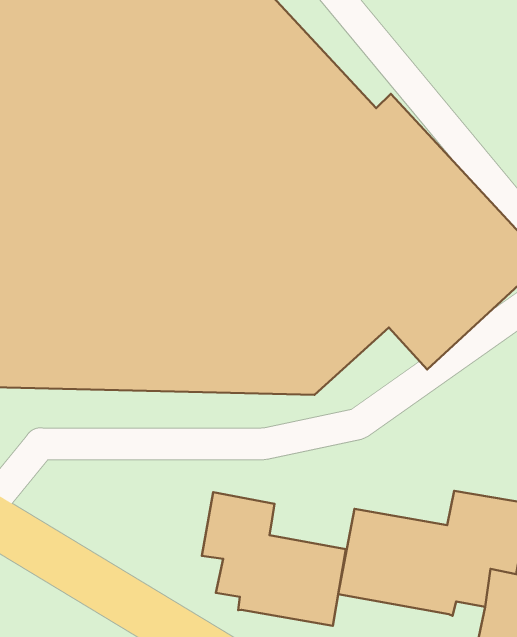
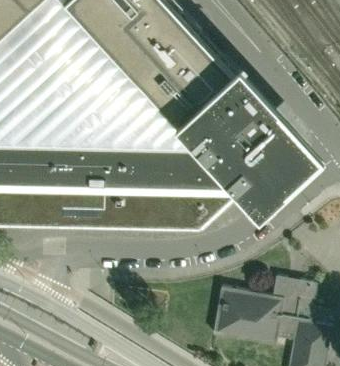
building: [202,492,346,626] -> none

